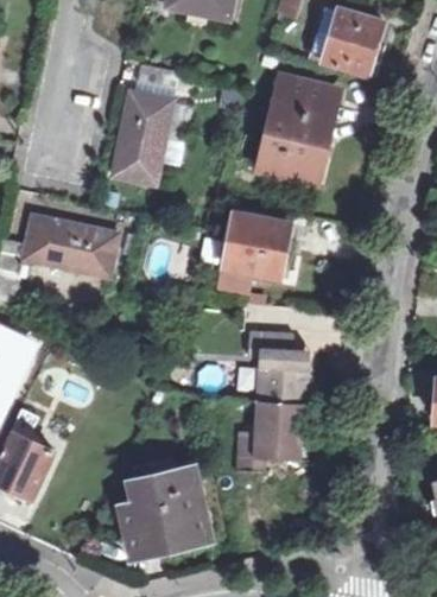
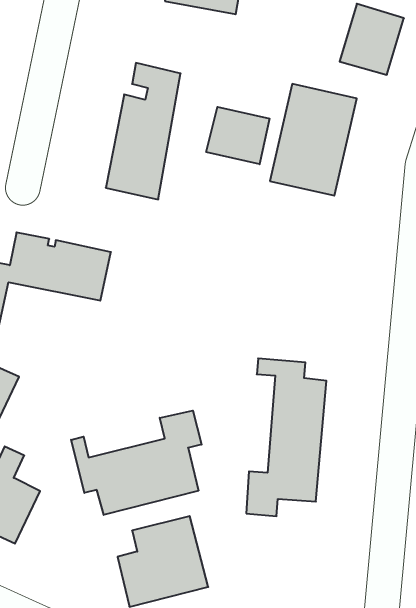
building: none -> [206,107,270,164]
building: [224,215,290,278] -> none
building: none -> [71,411,202,515]

